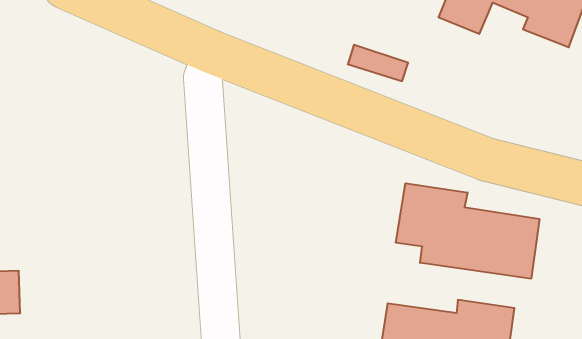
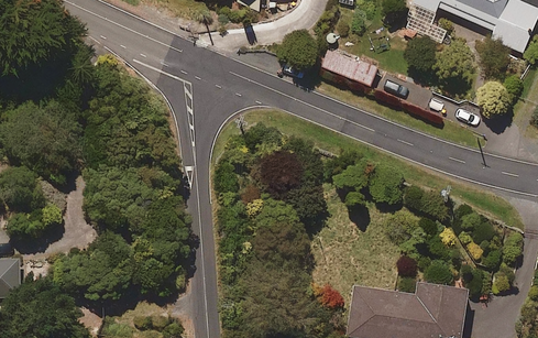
building: [396,183,539,279] -> none

